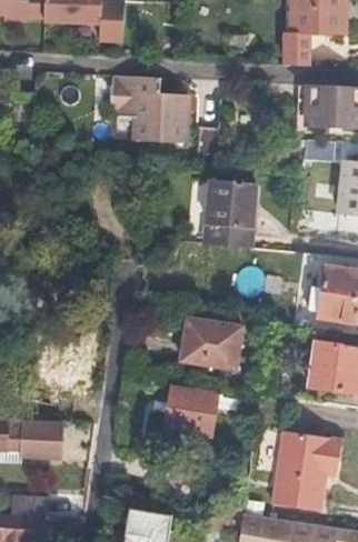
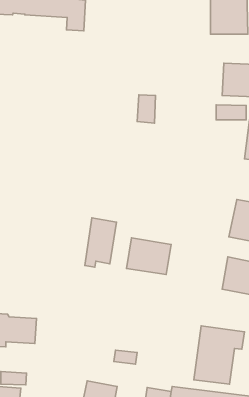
building: [110,76,185,143] -> none
building: [205,181,256,249] -> none
building: none -> [85,218,116,267]
building: [163,385,216,435] -> none

